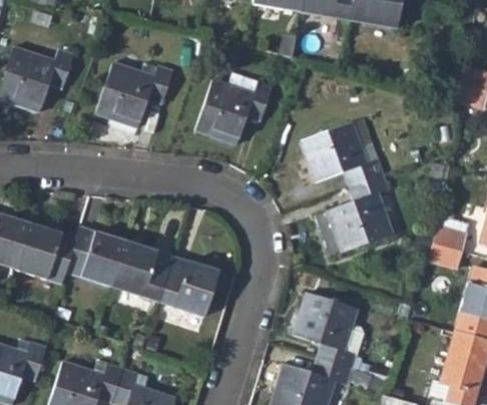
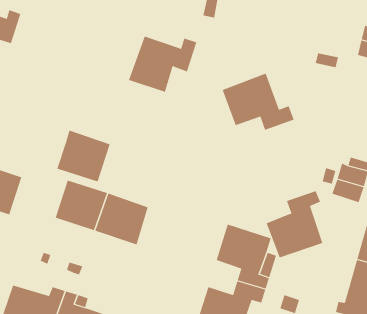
building: [96,61,174,126] -> none
building: [327,173,392,251] -> [266,190,323,258]
building: [65,226,126,285] -> [57,130,110,182]

